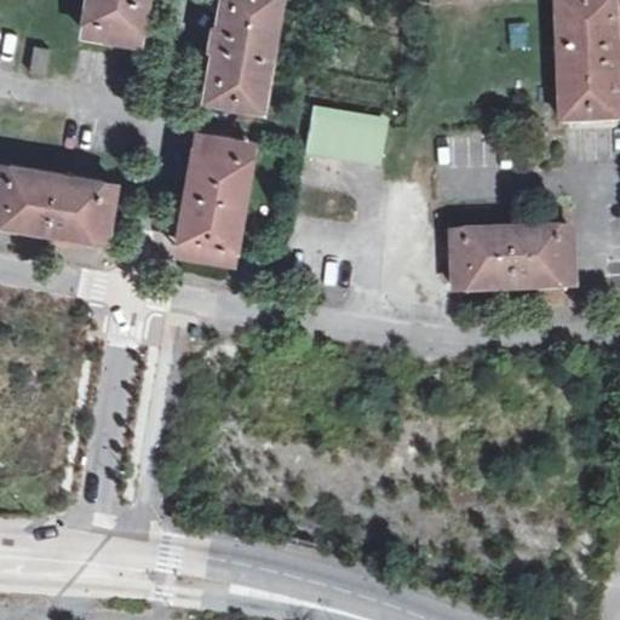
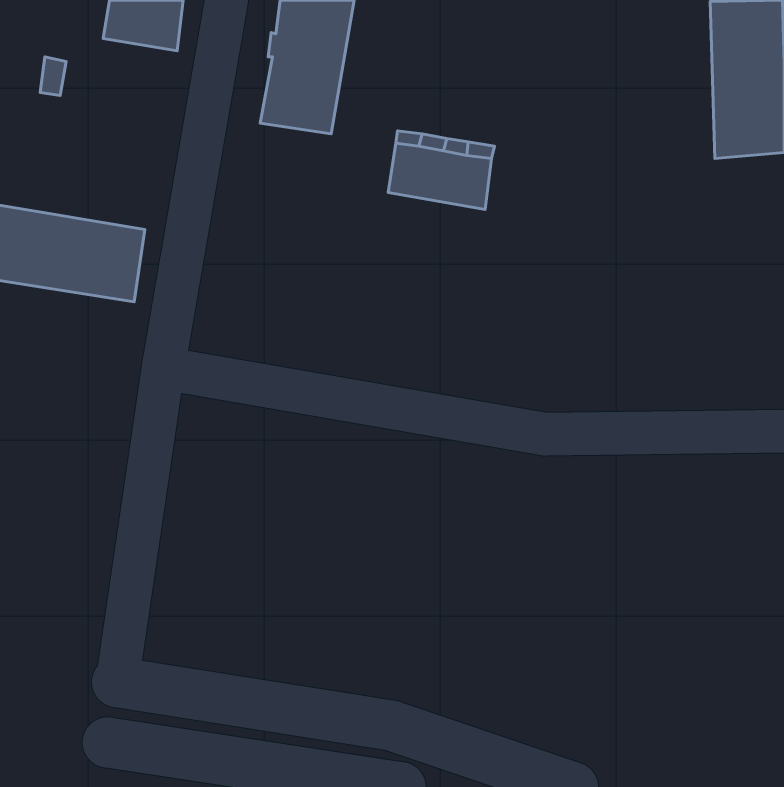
building: [176,132,253,258] -> none
building: [454,232,575,294] -> none

